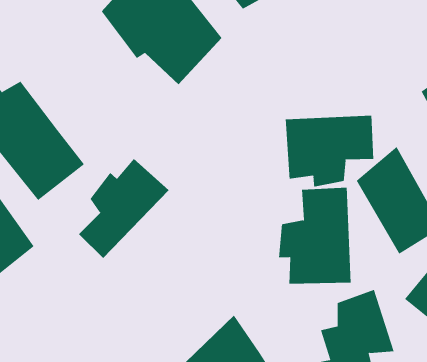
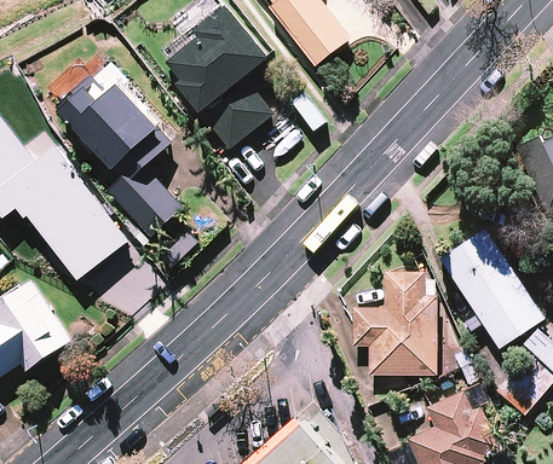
building: none -> [57,70,175,226]
building: [285,115,374,187] -> none
building: [78,158,169,259] -> none

